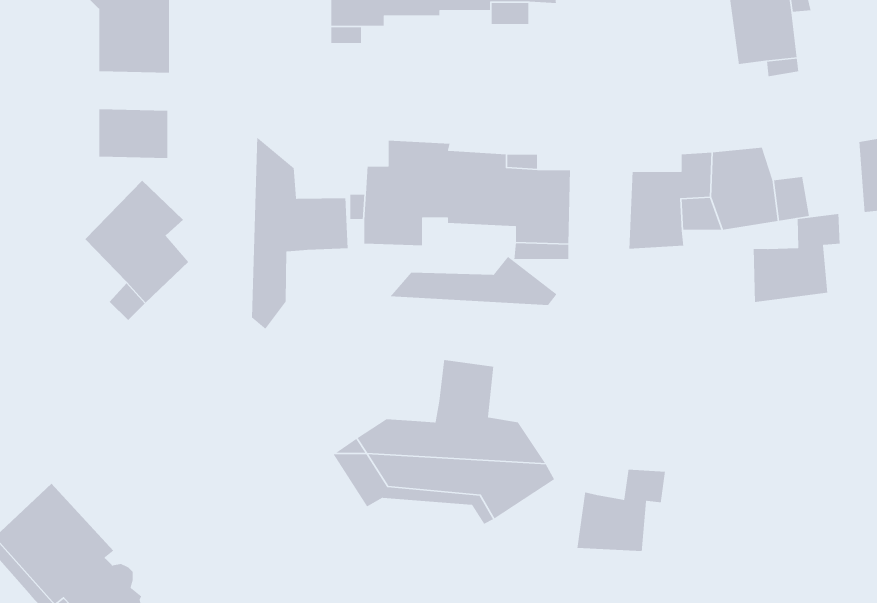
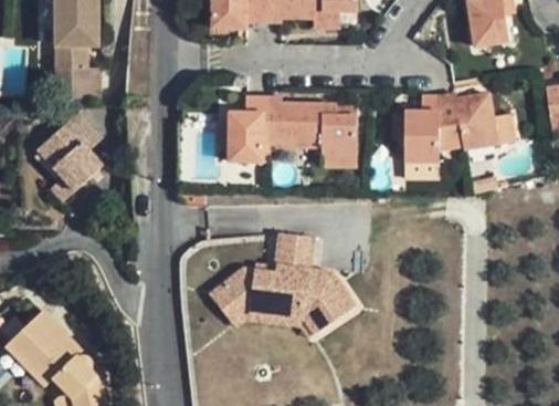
building: [251,136,348,330] -> none
building: [753,213,840,303] -> none
building: [389,256,558,306] -> none
building: [577,469,666,552] -> none

